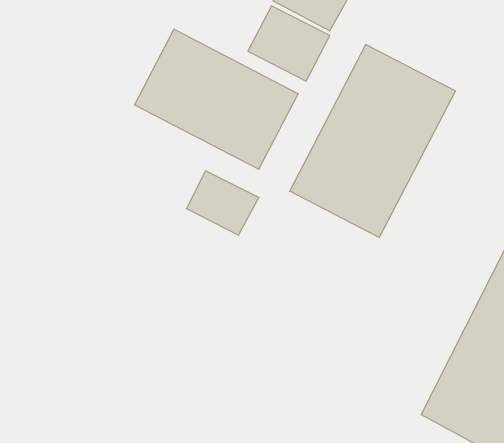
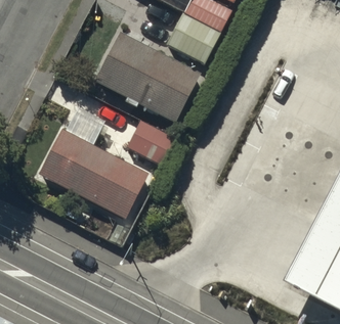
building: [290,44,455,237] -> none
building: none -> [39,127,150,219]

